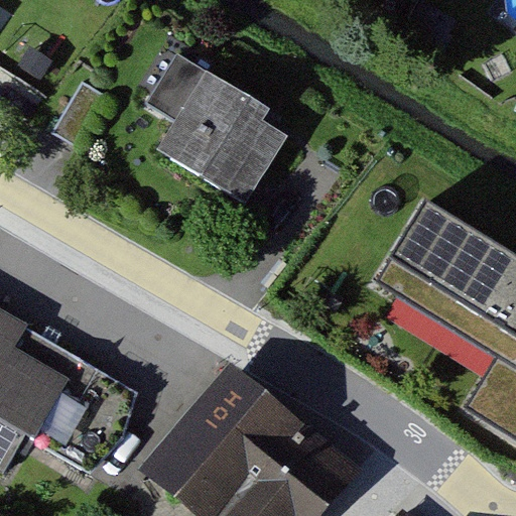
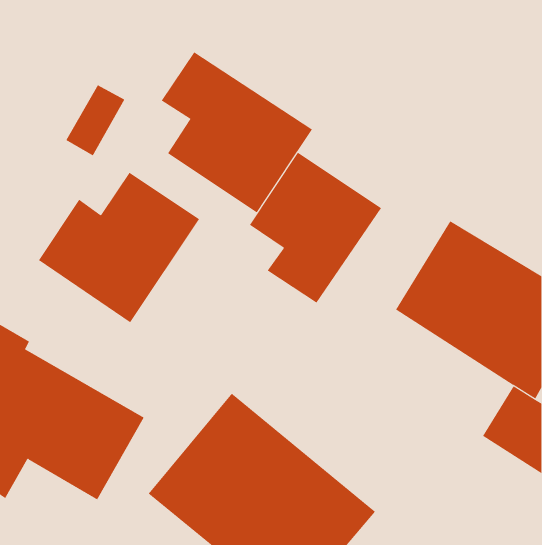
building: none -> [249,152,382,304]
building: none -> [38,172,200,323]

